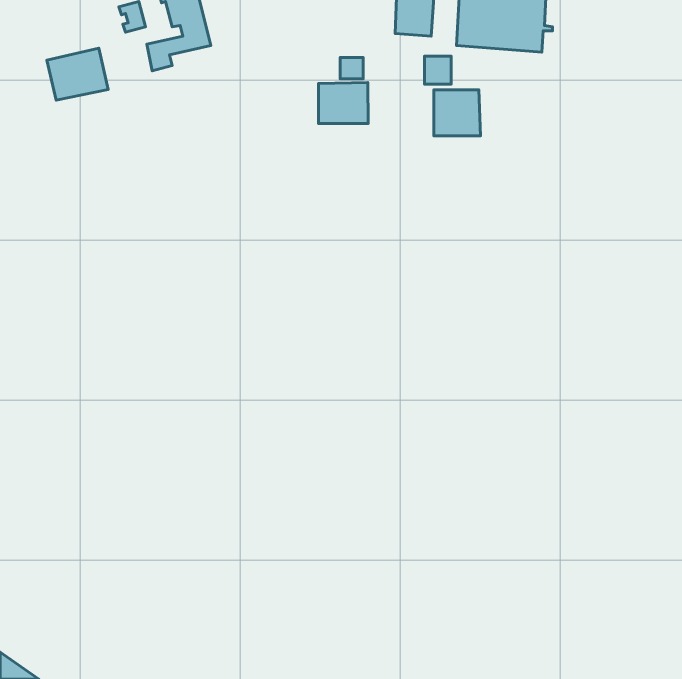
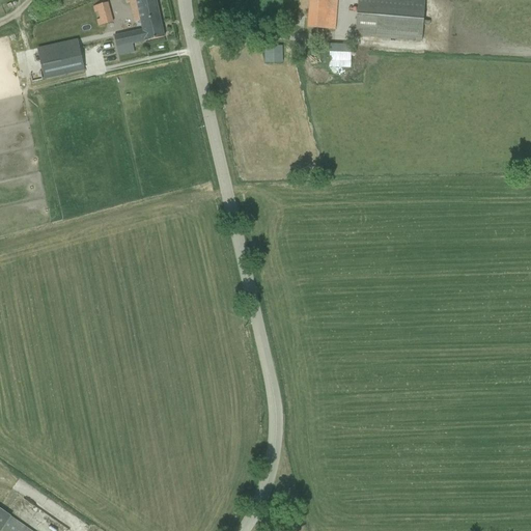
building: [318,82,368,124] -> none
building: [434,90,480,136] -> none

